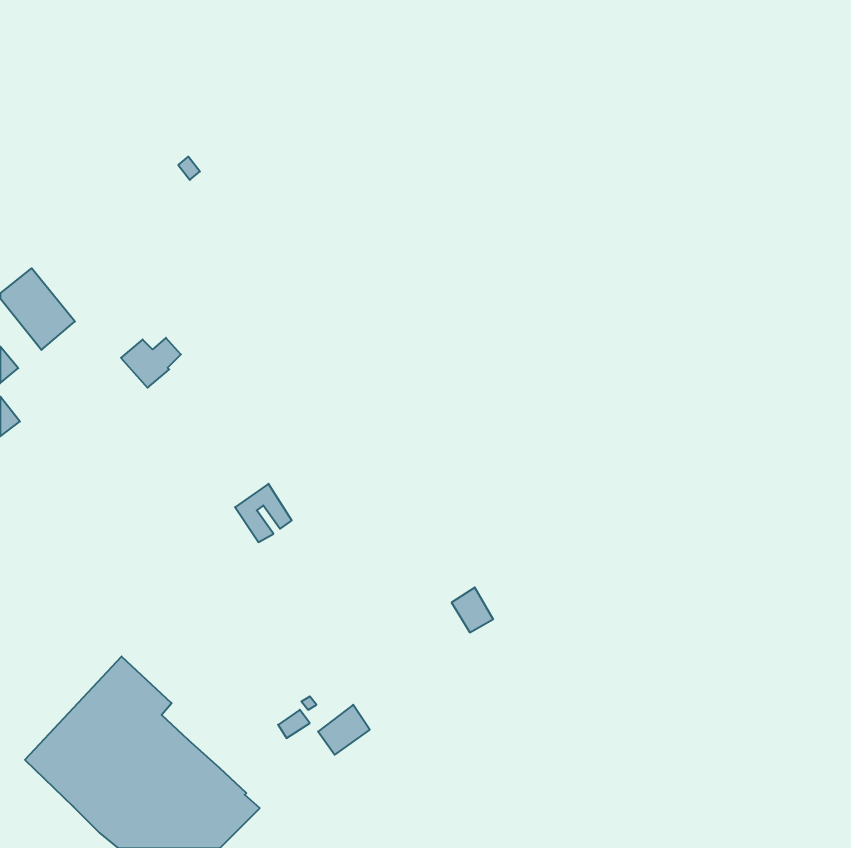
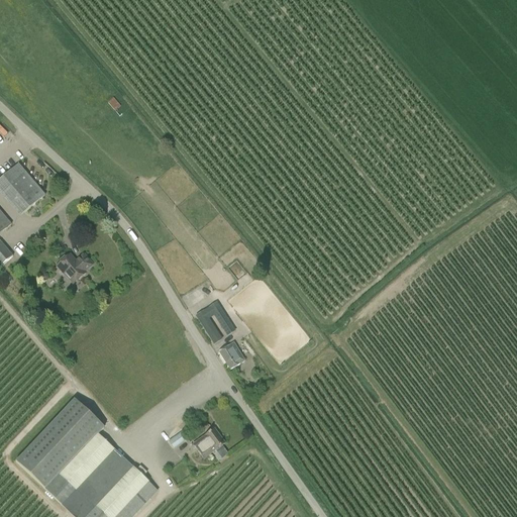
building: [121,338,181,388] -> [57,252,93,283]
building: [235,484,292,542] -> [196,302,230,337]
building: [452,587,493,632] -> [219,341,244,369]

